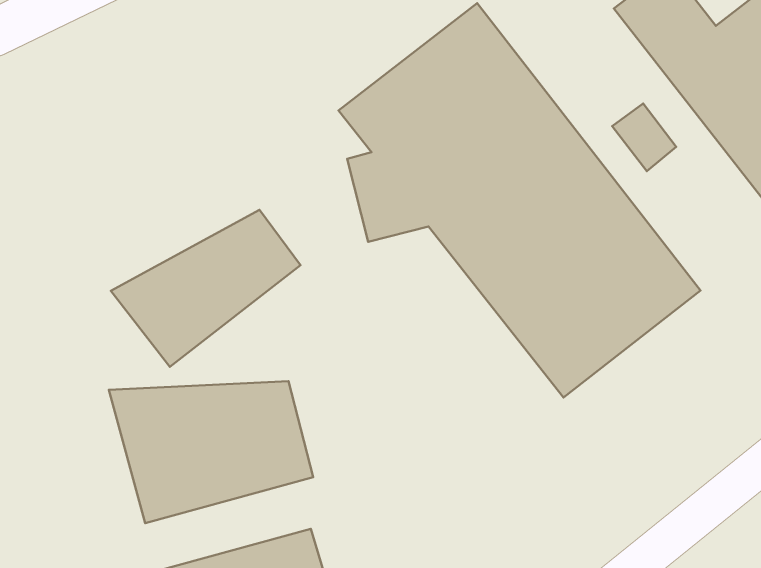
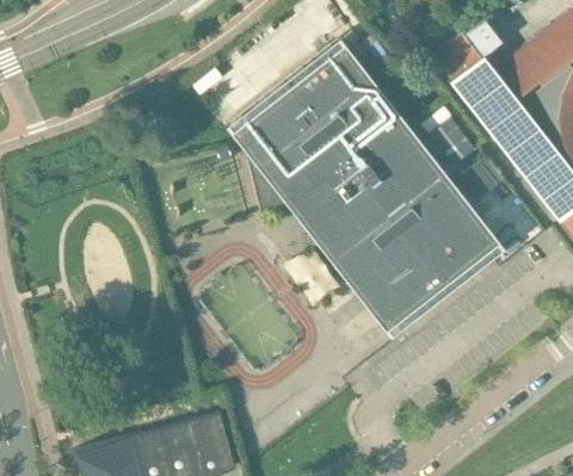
building: [111,210,301,367] -> none
building: [109,381,313,523] -> none

